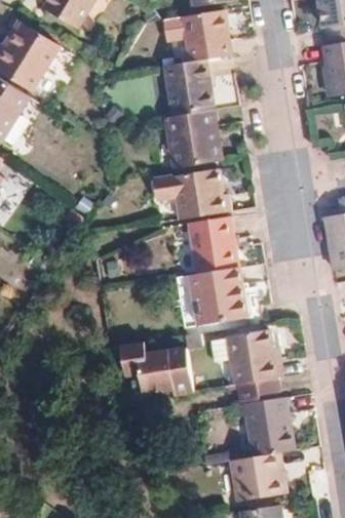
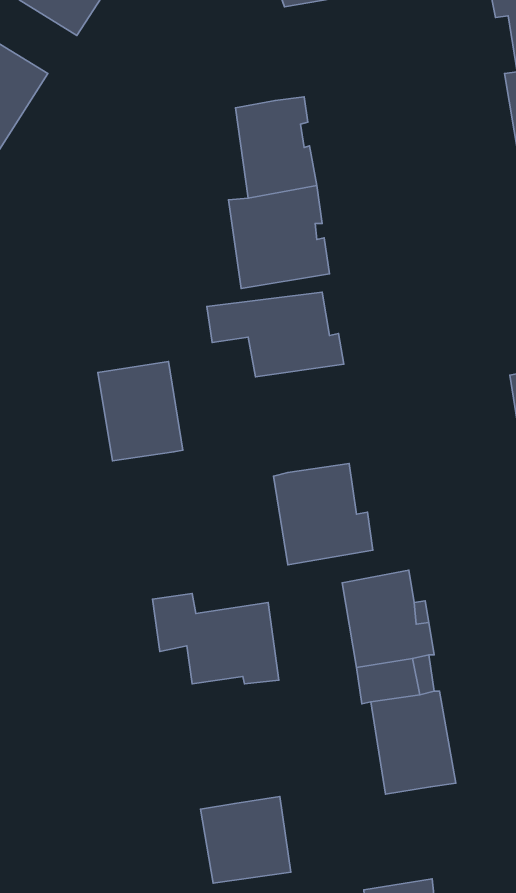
building: [184,9,232,62] -> none
building: [190,216,238,273] -> [98,362,183,461]
building: [234,451,285,501] -> [201,796,291,883]

